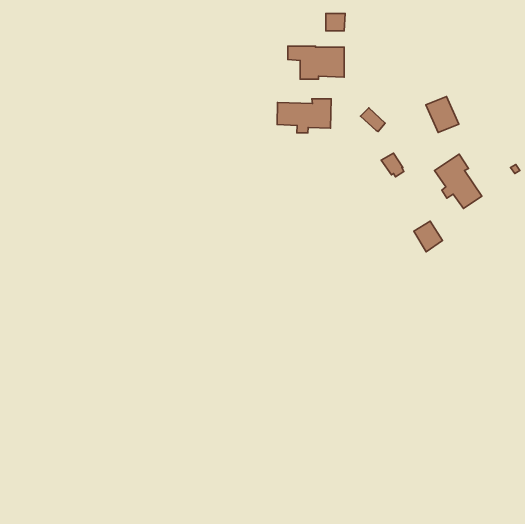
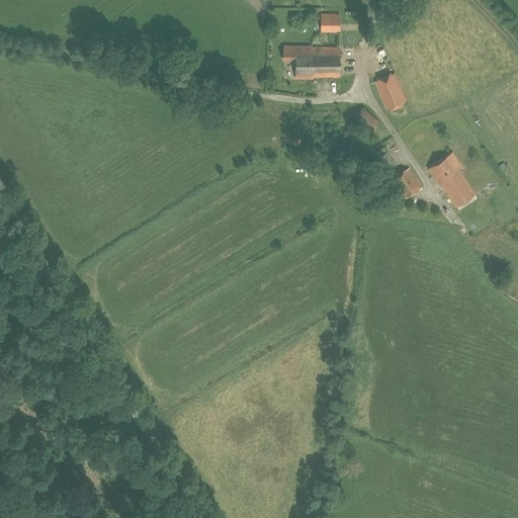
building: [426,97,459,133] -> [374,74,407,109]
building: [277,99,331,133] -> none
building: [414,221,443,252] -> [393,169,421,199]

